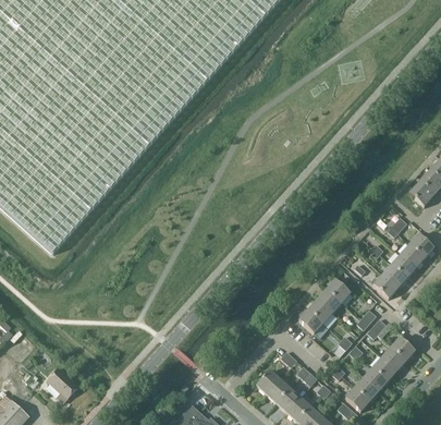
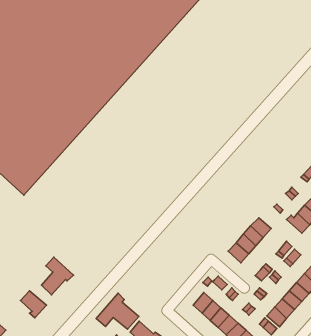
building: none -> [42,257,73,295]
building: none -> [96,293,139,329]

